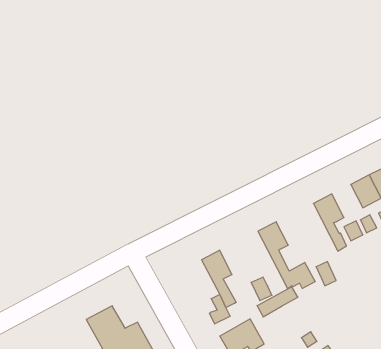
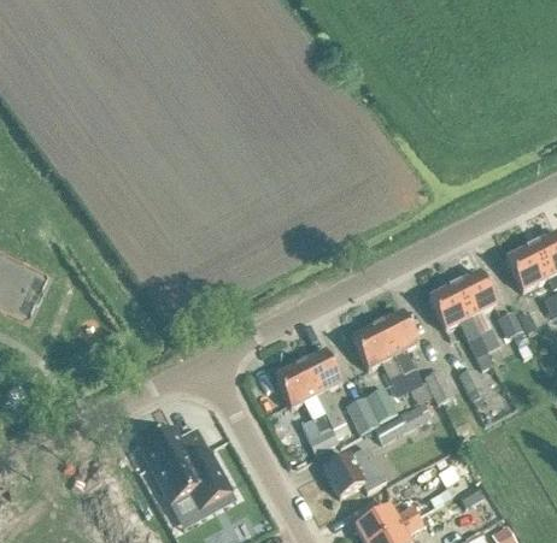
building: none -> [429,285,494,368]
building: none -> [352,324,411,396]
building: none -> [275,364,324,418]
building: none -> [347,395,382,435]

